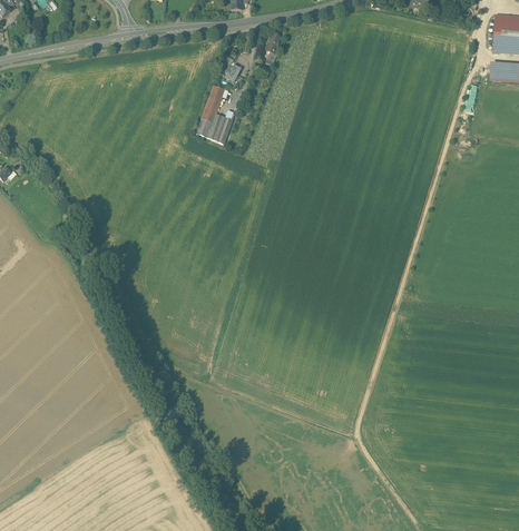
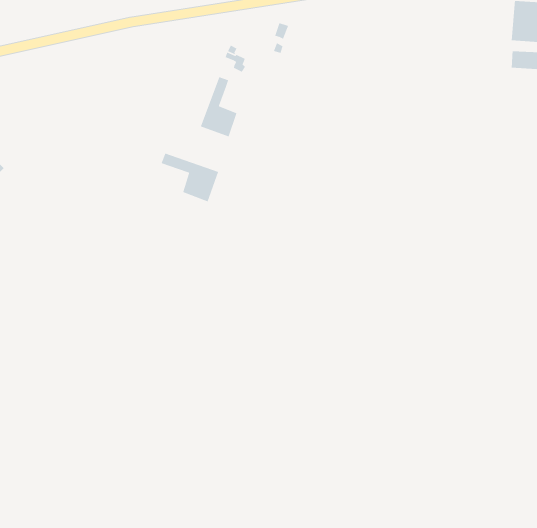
building: none -> [161,152,219,203]

